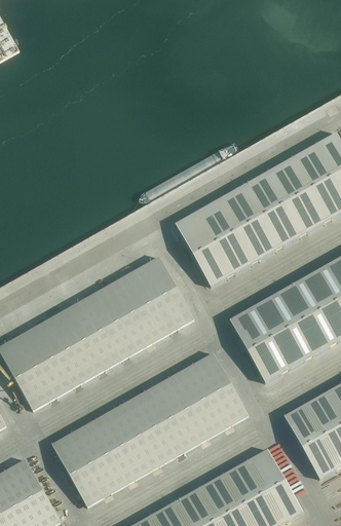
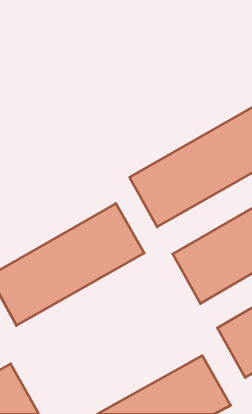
building: [52,353,249,506] -> none

